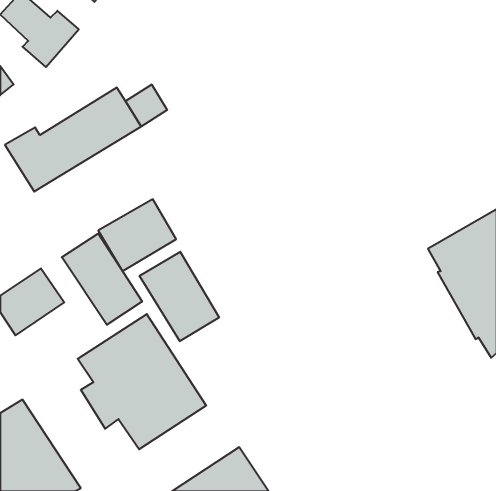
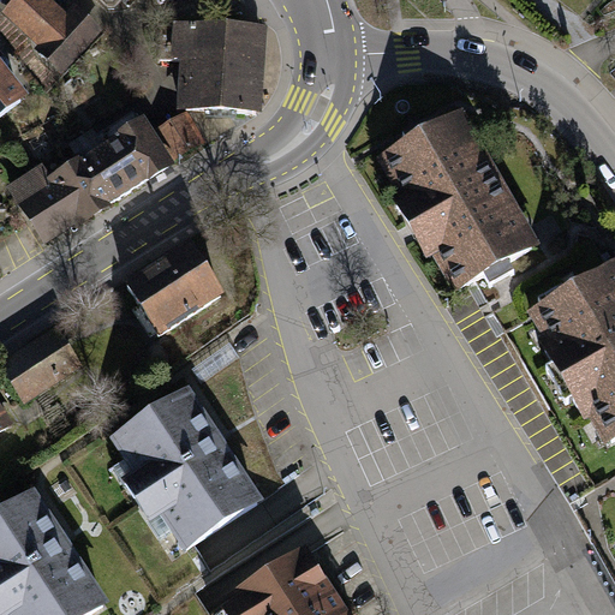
building: none -> [173,14,267,105]
building: none -> [378,106,542,289]
building: [62,234,142,325] -> none
building: [140,252,219,341] -> none

